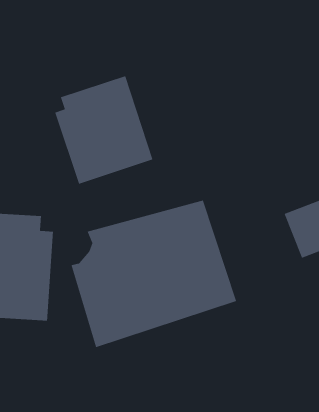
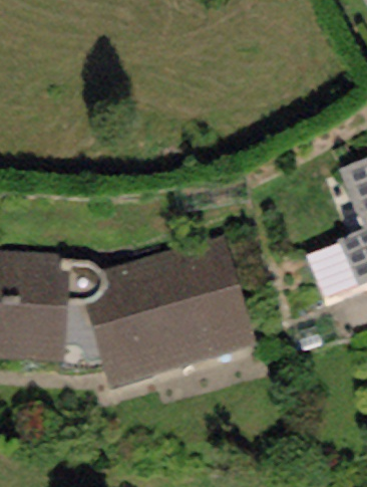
building: [54,75,154,185] -> none

